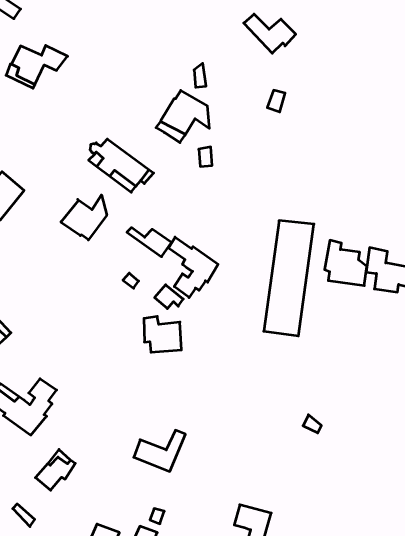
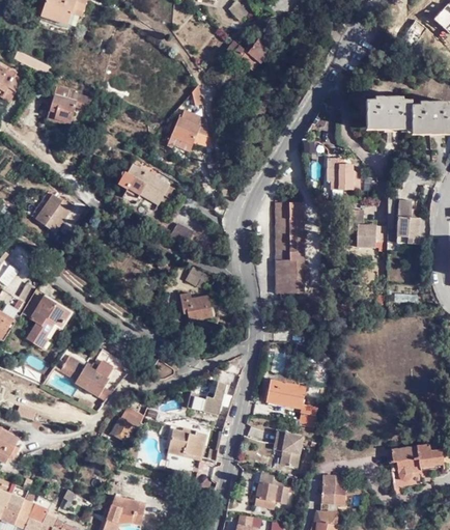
building: [61,195,107,240] -> none
building: [168,237,218,298] -> none
building: [325,240,367,286] -> [327,158,360,190]
building: none -> [264,381,317,428]
building: none -> [165,425,205,452]

